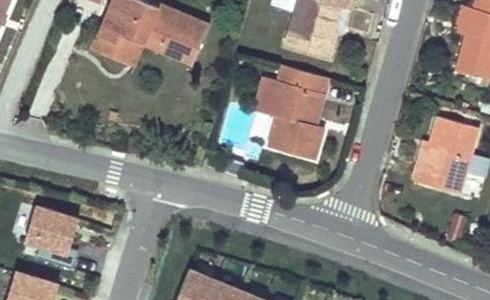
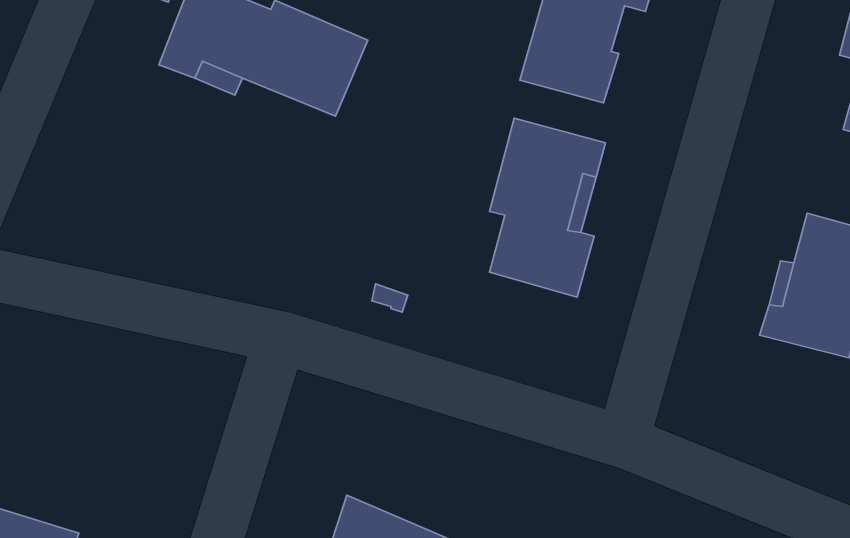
building: [22,205,75,268] -> none

